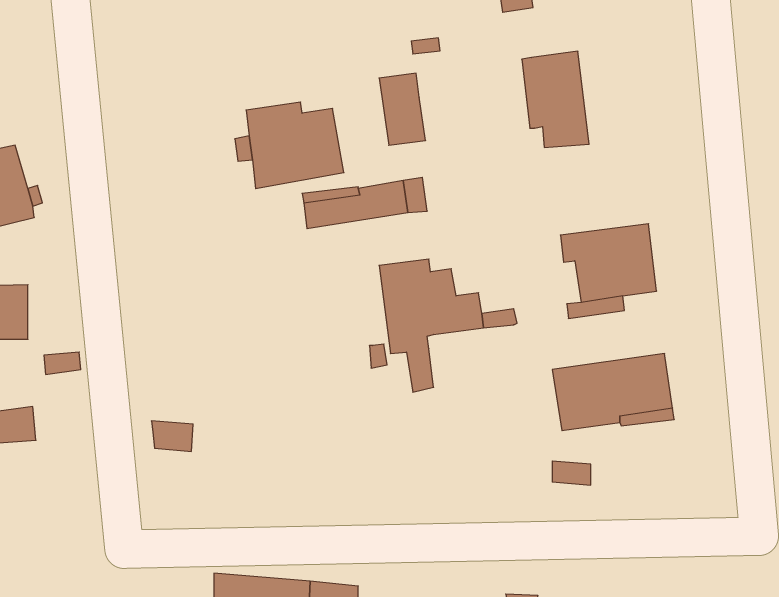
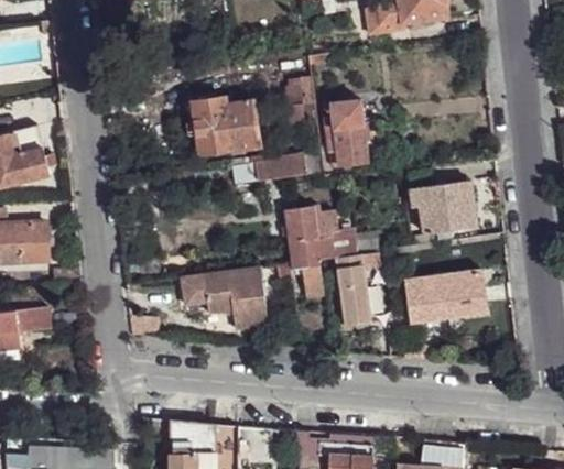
building: [522,51,589,147] -> [322,99,368,165]
building: none -> [335,252,379,326]
building: none -> [200,268,265,329]

